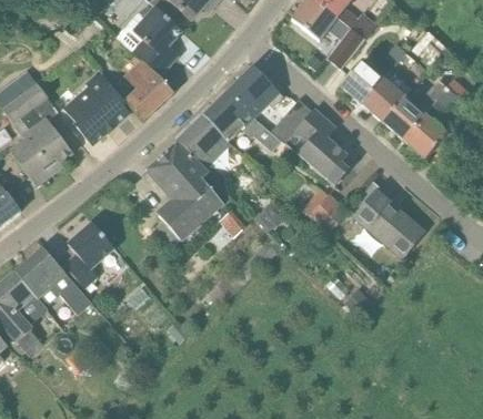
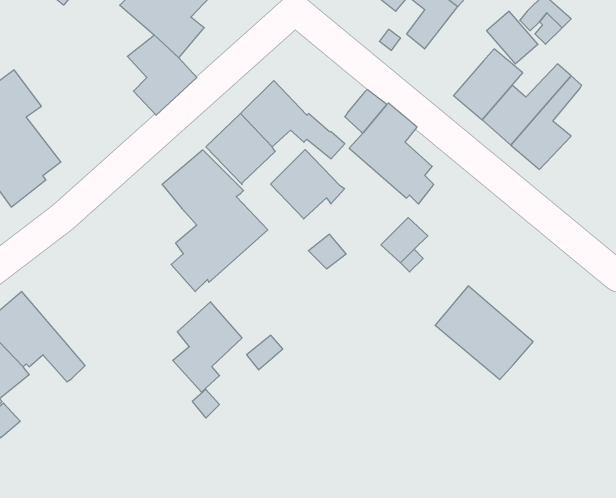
building: [340,59,383,103] -> none
building: [229,67,283,117] -> [271,150,345,219]
building: [60,75,129,144] -> none
building: [352,188,424,257] -> [435,286,533,379]
building: [63,221,114,287] -> [173,302,242,392]

